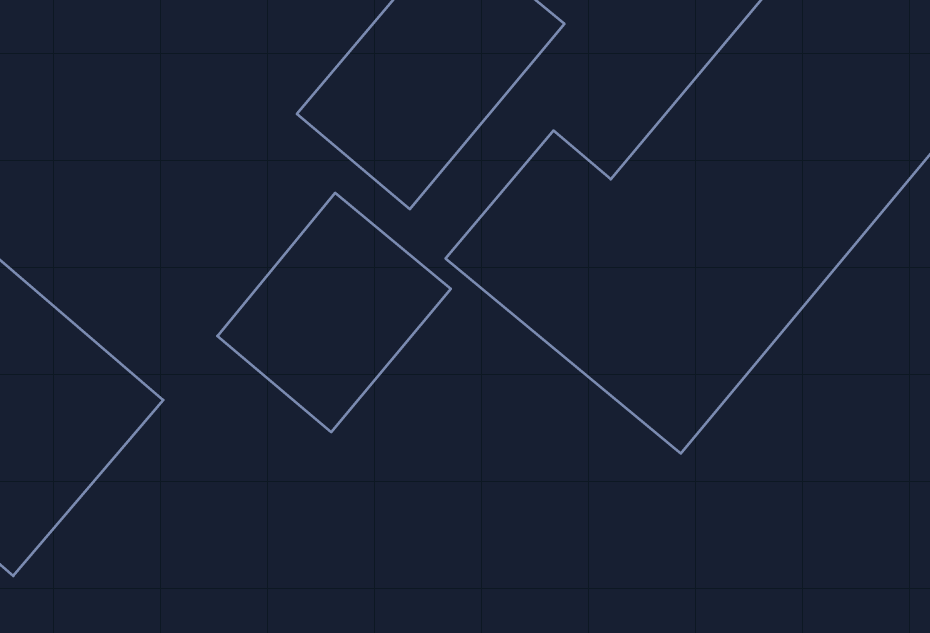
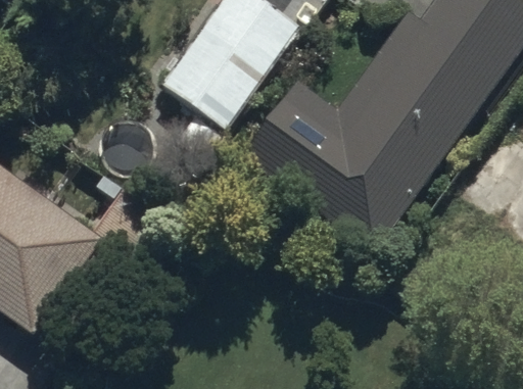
building: [217,193,451,432] -> none

